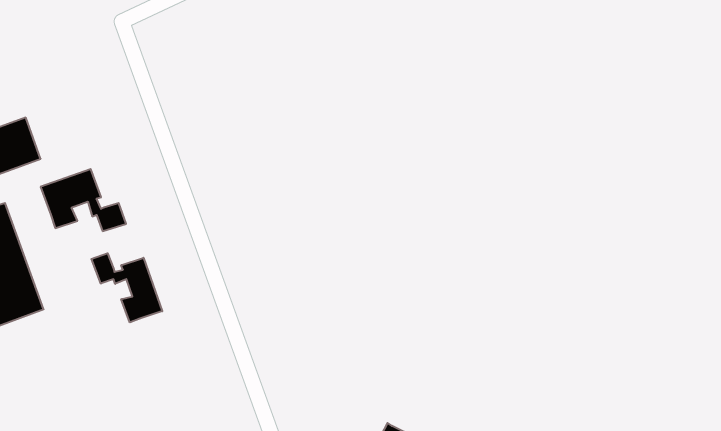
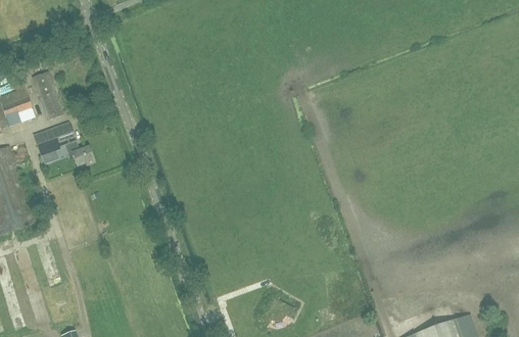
building: none -> [30,70,61,119]
building: [91,253,162,322] -> none

